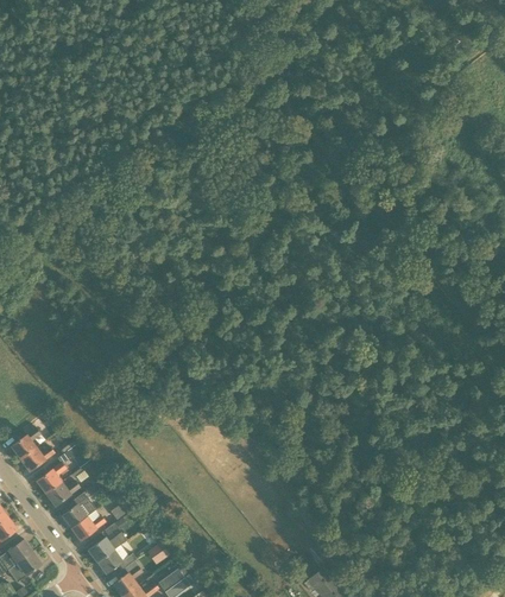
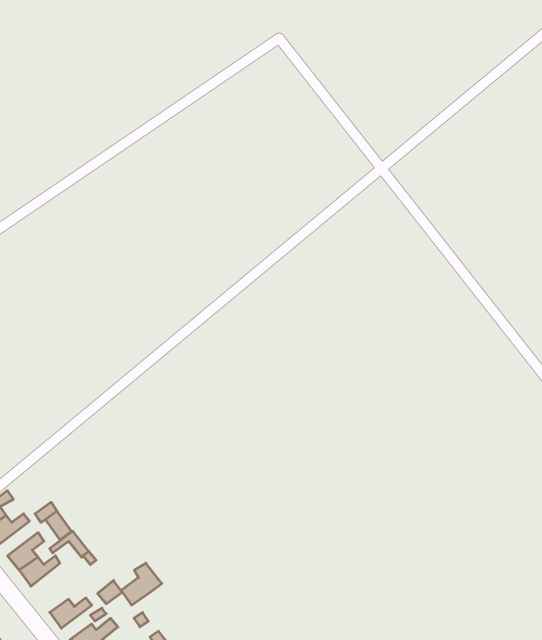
building: [63,493,96,527] -> [121,563,162,605]

